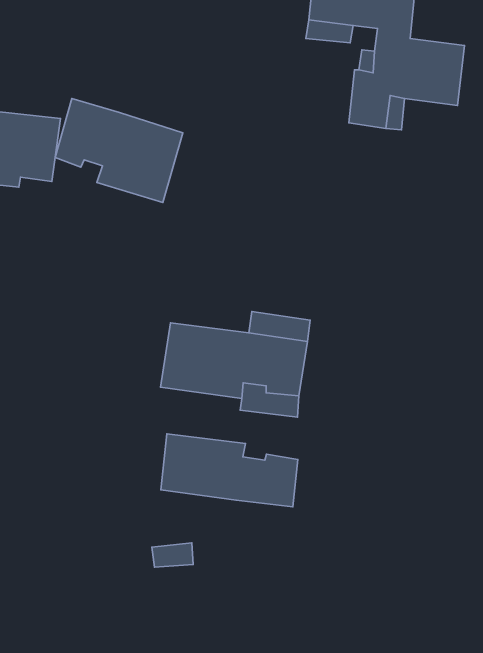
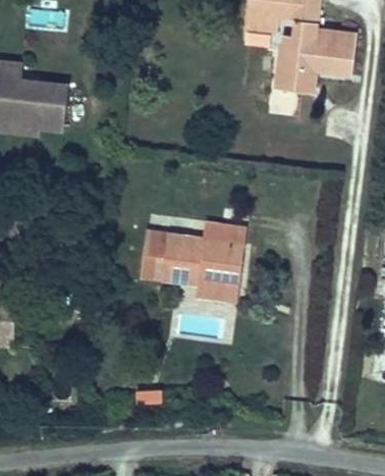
building: [55,99,183,202] -> none
building: [161,434,298,507] -> none

